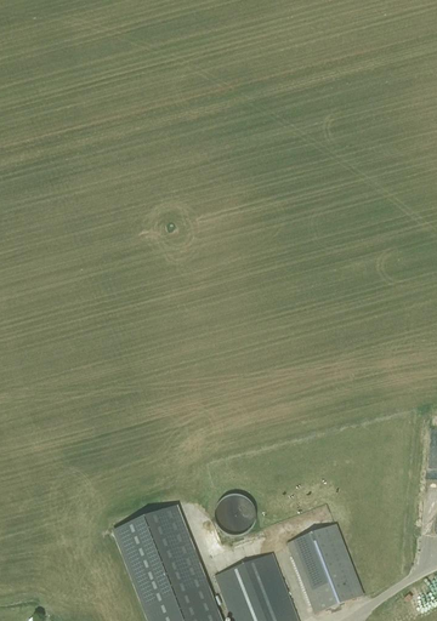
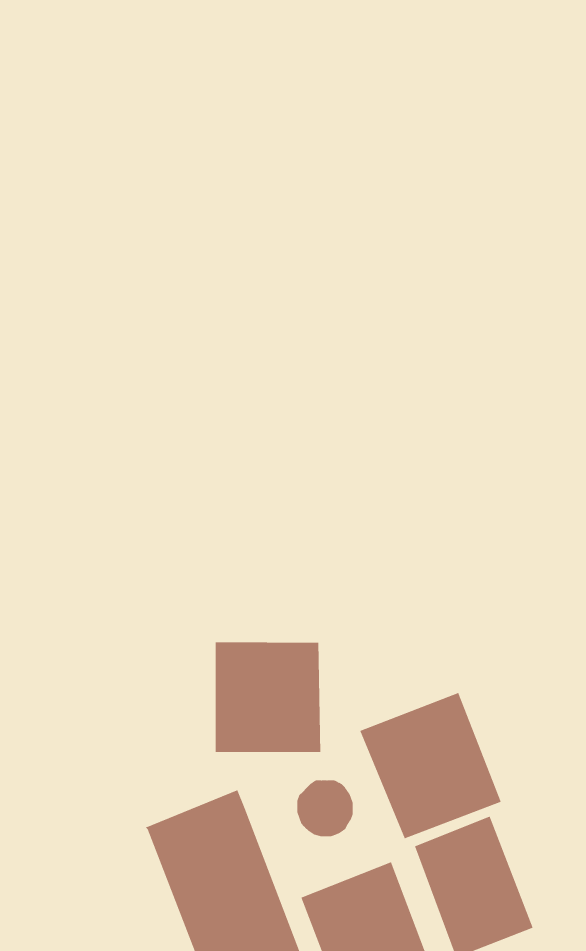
building: none -> [215,641,321,753]
building: none -> [360,692,501,839]

